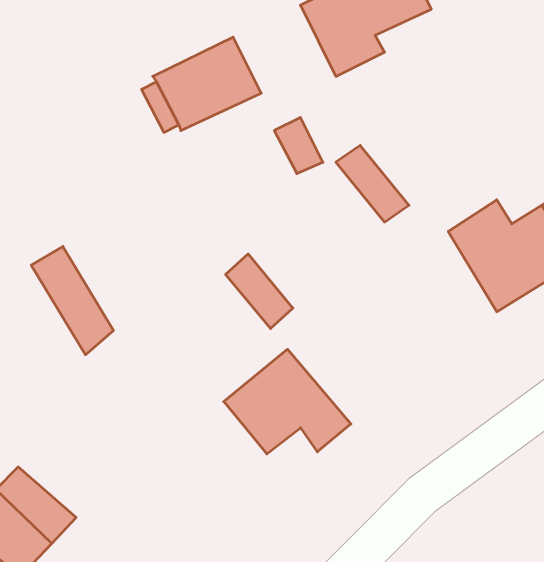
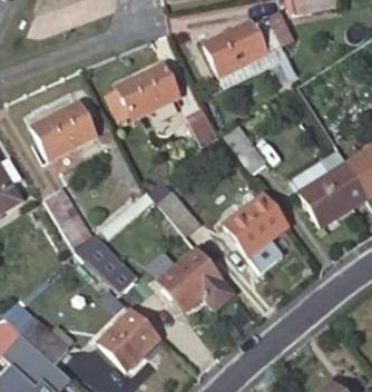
building: none -> [32,102,96,158]
building: none -> [225,193,288,255]
building: none -> [76,235,137,295]
building: none -> [99,308,160,370]

